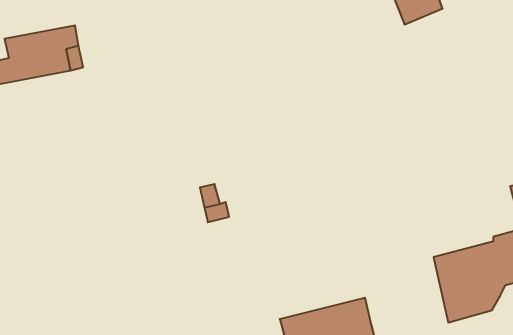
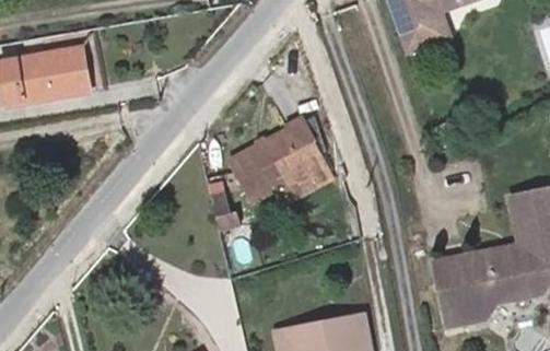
building: none -> [225,119,331,200]

